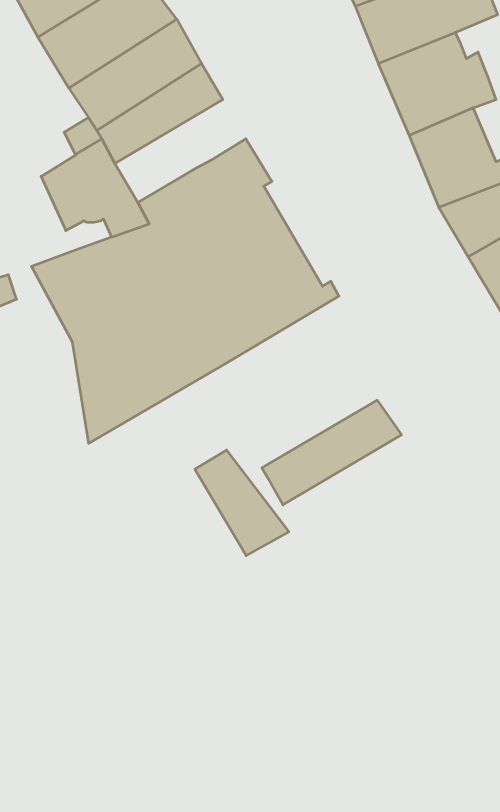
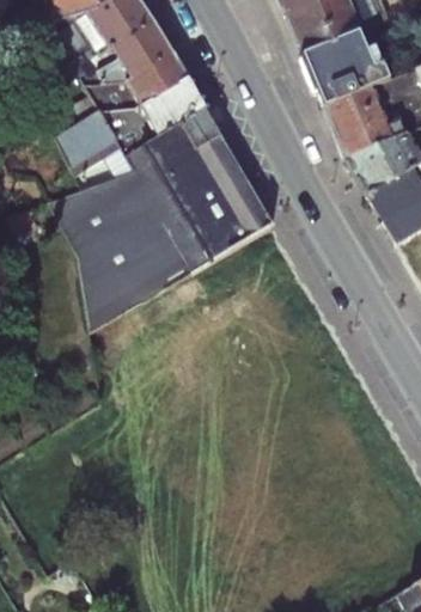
building: none -> [110,76,206,152]
building: [262,400,401,505] -> none
building: [195,450,289,556] -> none

